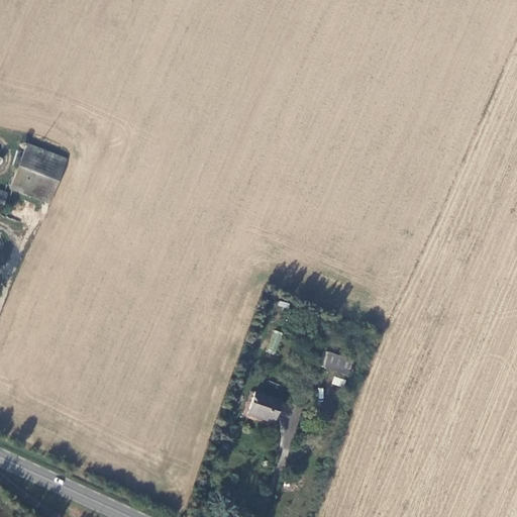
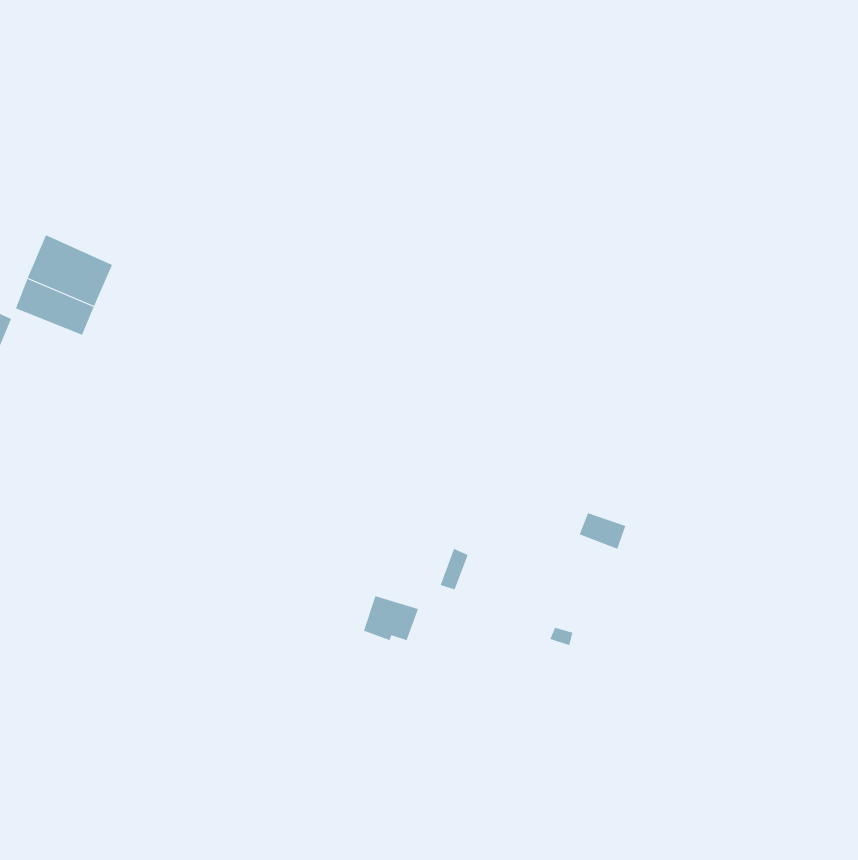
building: [323,354,351,377] -> [579,512,626,550]
building: [247,394,281,421] -> [363,595,419,641]

